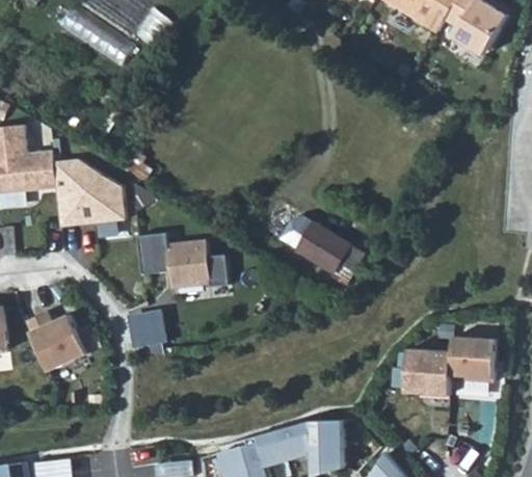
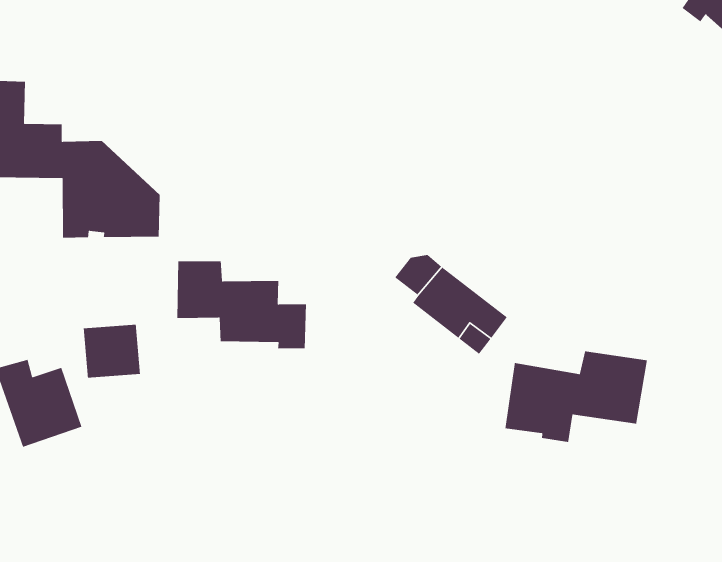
building: [129,308,170,347] -> [83,324,141,378]
building: [405,337,496,399] -> [504,350,648,443]

